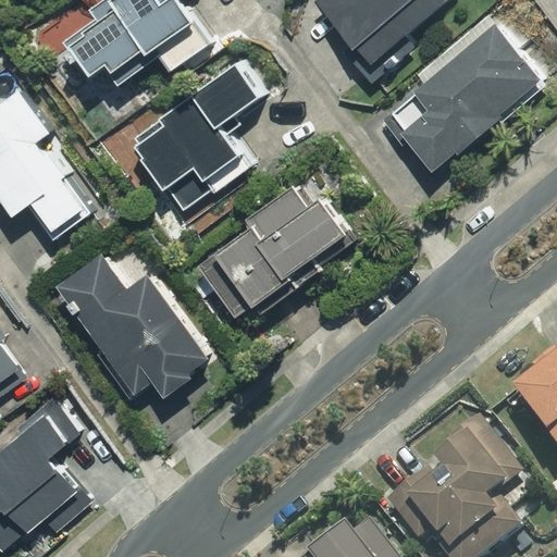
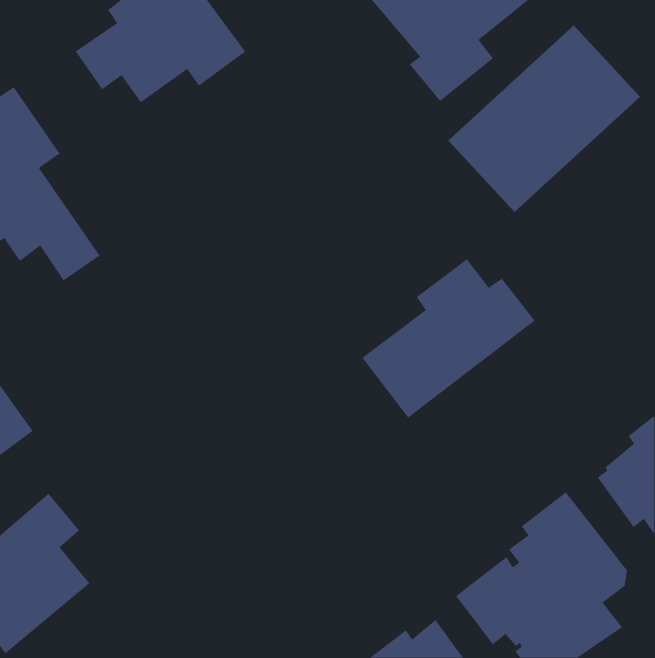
building: [140,57,269,206] -> none
building: [198,184,345,319] -> [362,259,536,419]
building: [55,246,218,398] -> none

